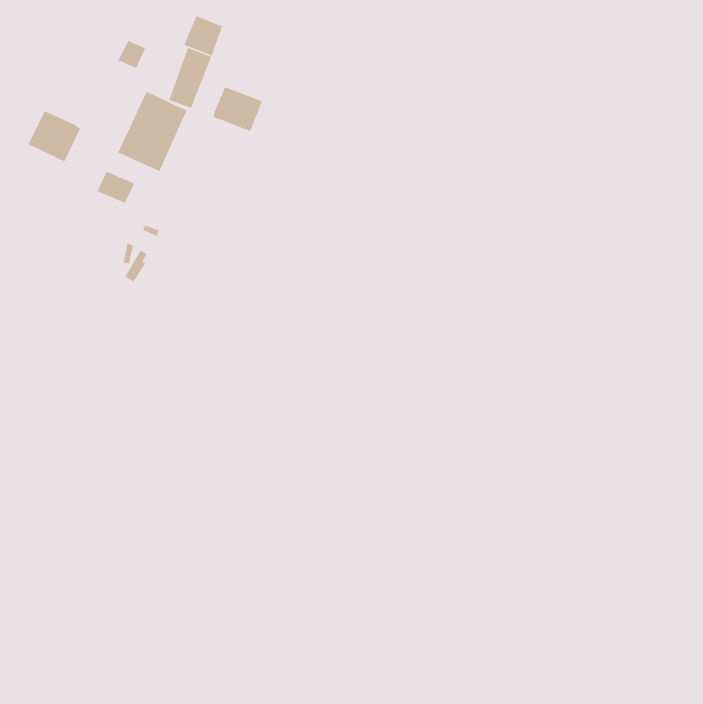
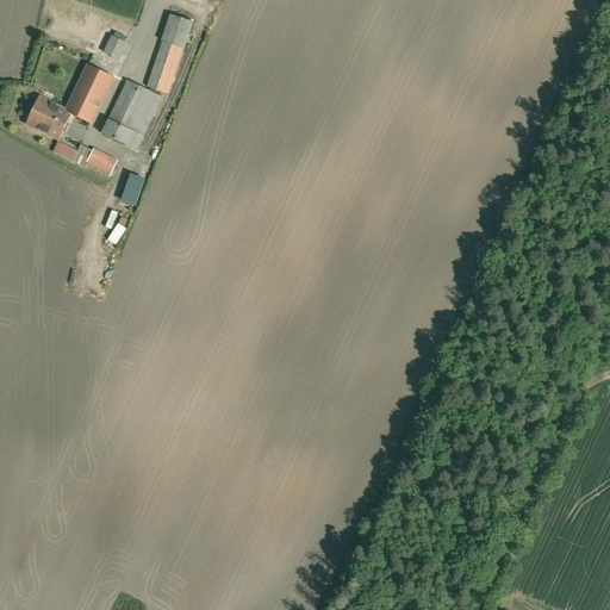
building: none -> [64,62,112,120]
building: [213,86,263,132] -> none

